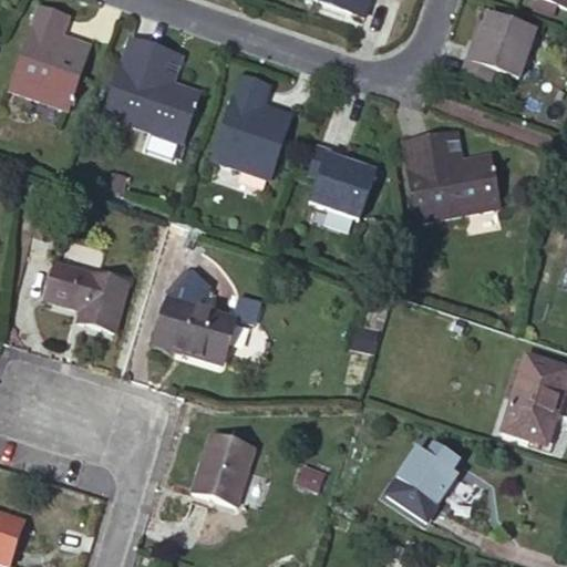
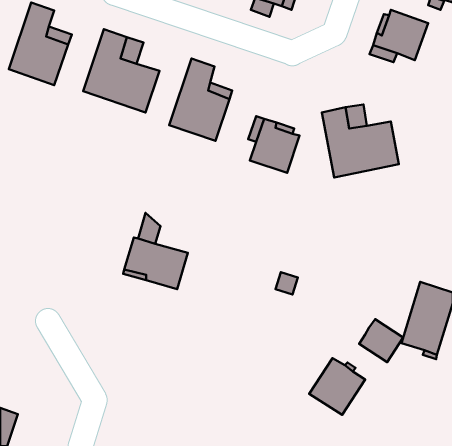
building: [45,260,128,330] -> none
building: none -> [359,319,403,362]
building: [195,432,254,505] -> none

